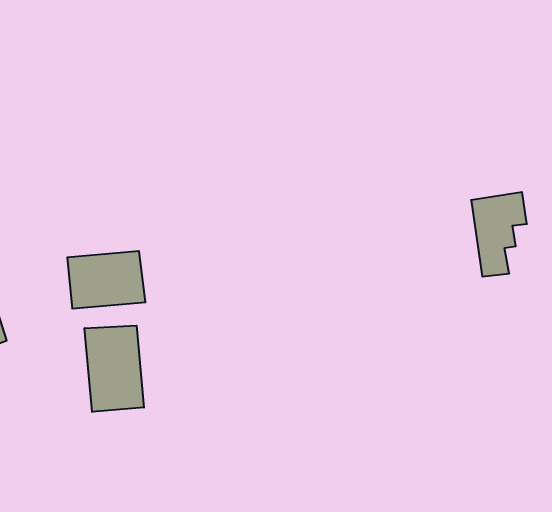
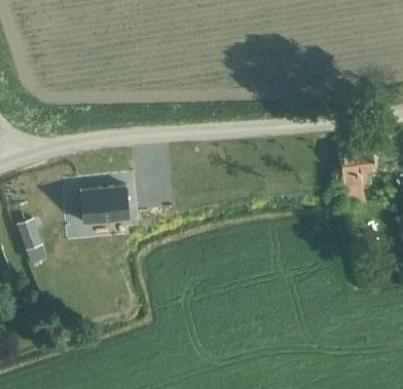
building: [85,326,144,412] -> none

